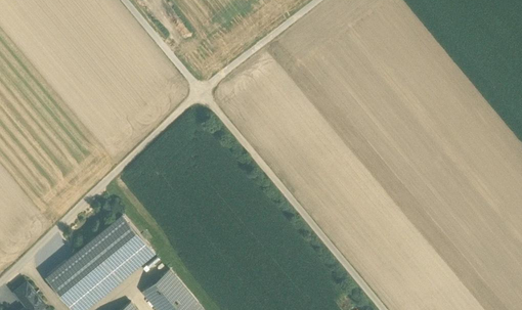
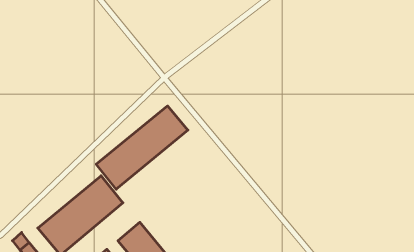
building: none -> [96,106,188,189]

